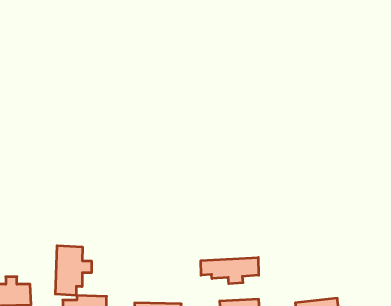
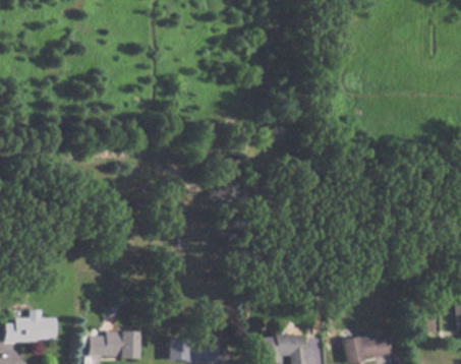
building: [55,246,91,295] -> none
building: [201,257,259,284] -> none

